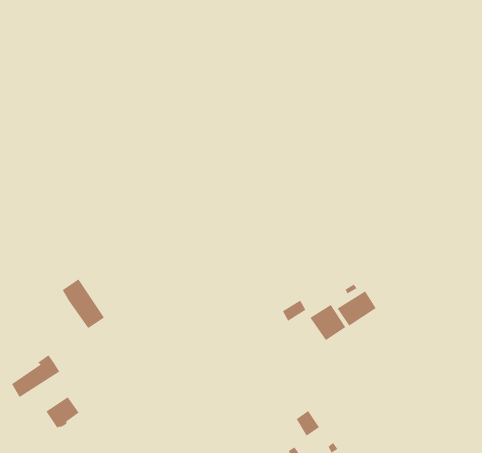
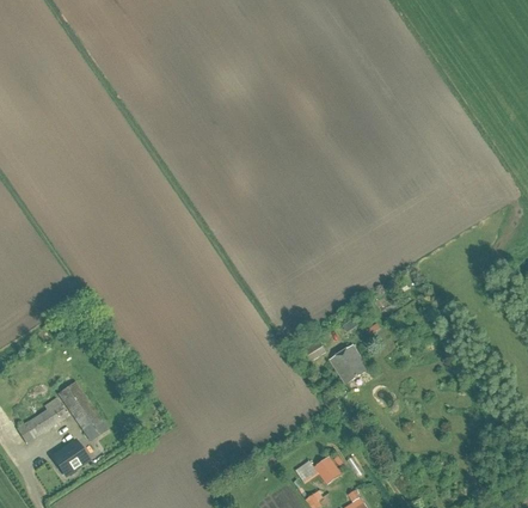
building: [62,279,105,329] -> [57,380,103,433]
building: [337,291,377,326] -> none

